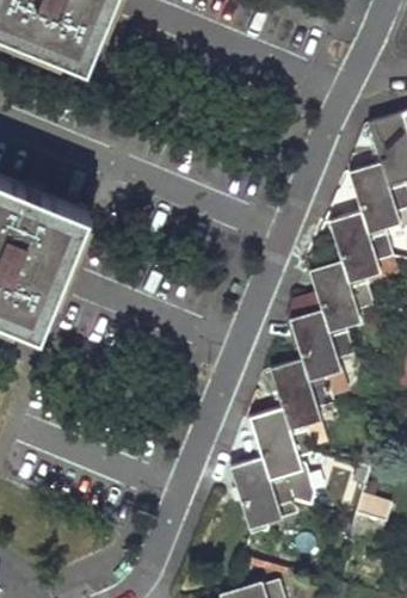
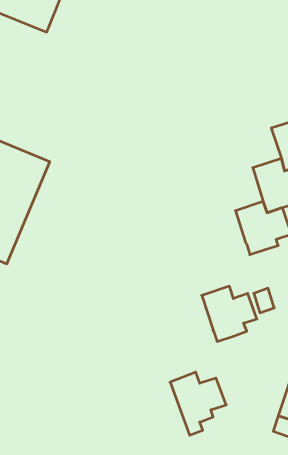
building: [288,312,353,377] -> none
building: [248,414,316,476] -> none

